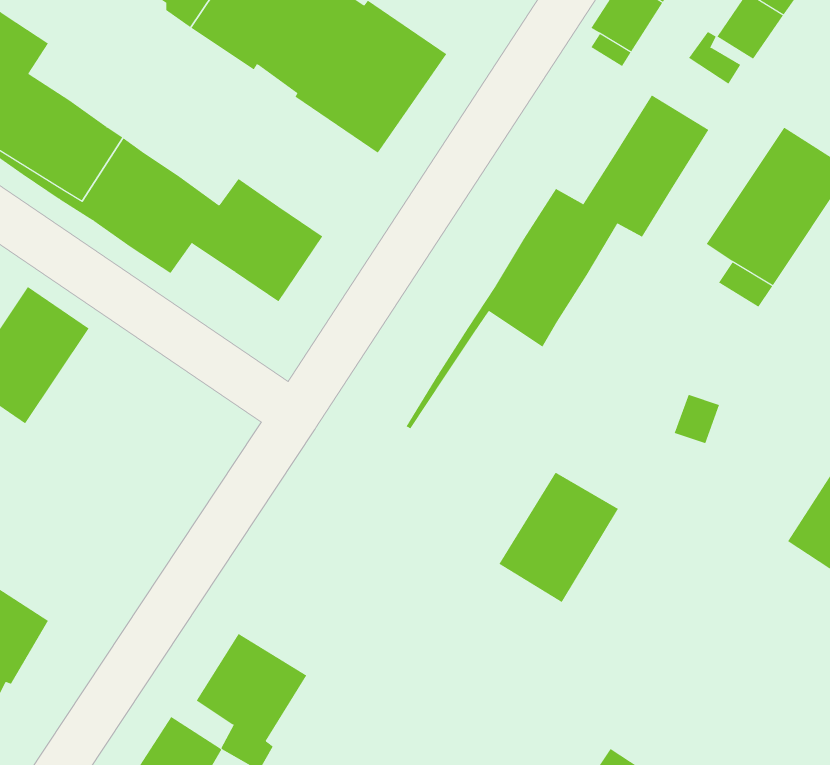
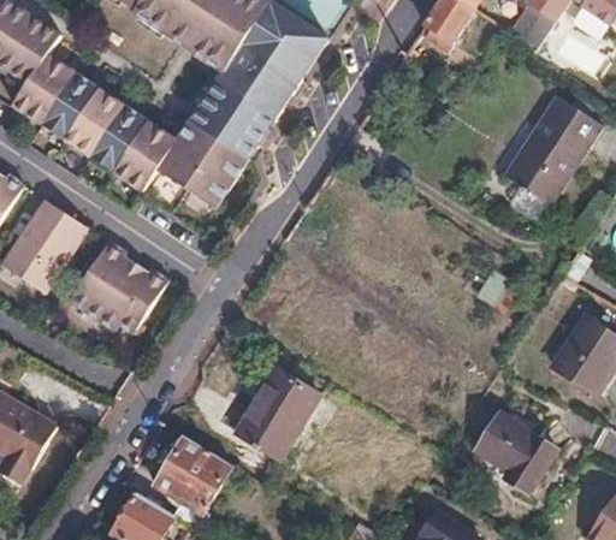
building: [406,94,709,429] -> none
building: none -> [186,70,282,165]
building: none -> [70,242,166,334]
building: [498,472,619,603] -> [241,369,322,458]
building: none -> [476,415,555,494]

